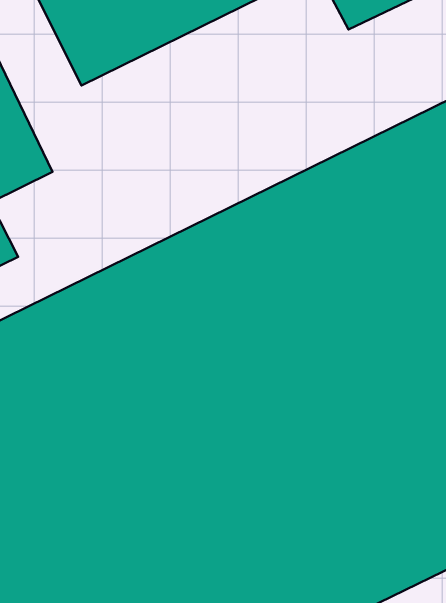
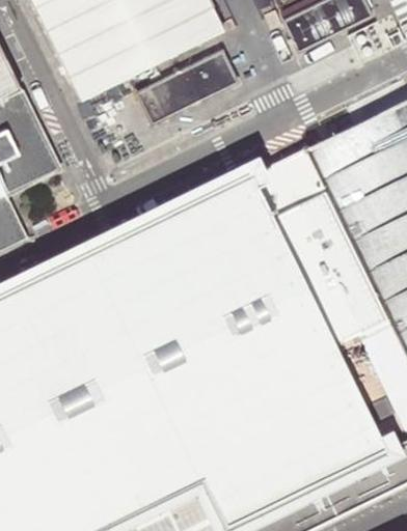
building: none -> [137,52,235,121]

